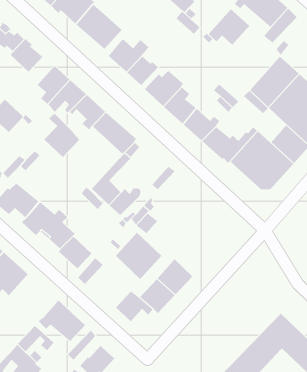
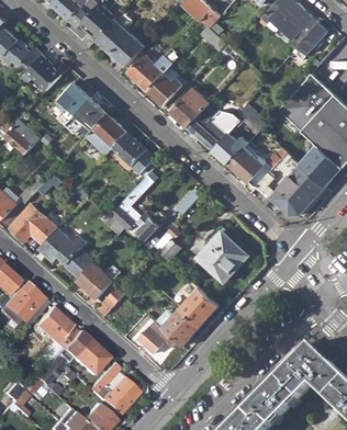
building: [208,9,250,45] -> none
building: [44,113,80,158] -> none
building: [115,232,162,280] -> [198,230,247,281]
building: none -> [33,306,75,349]

